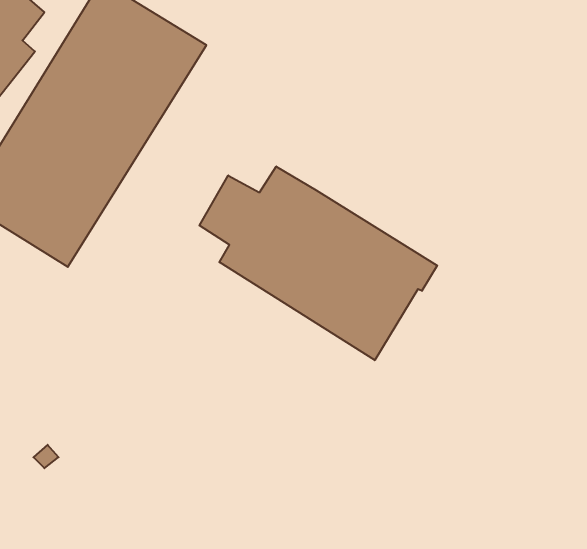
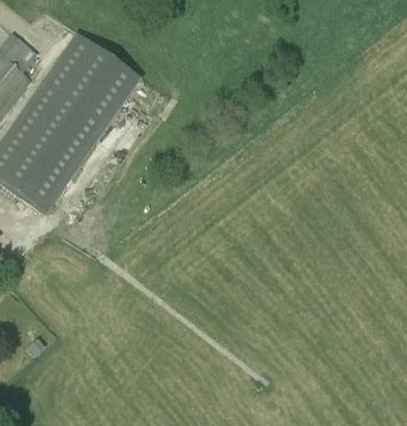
building: [199,166,437,360] -> none

